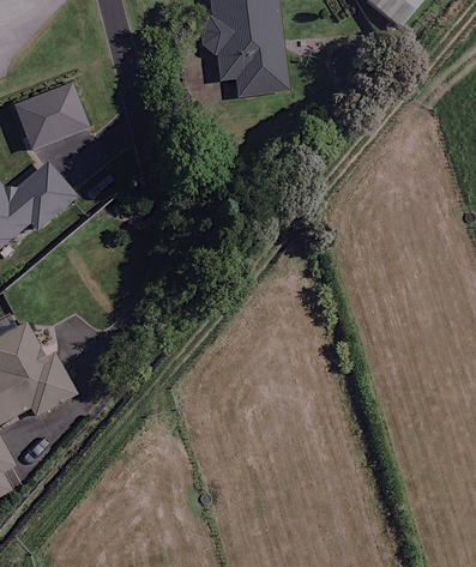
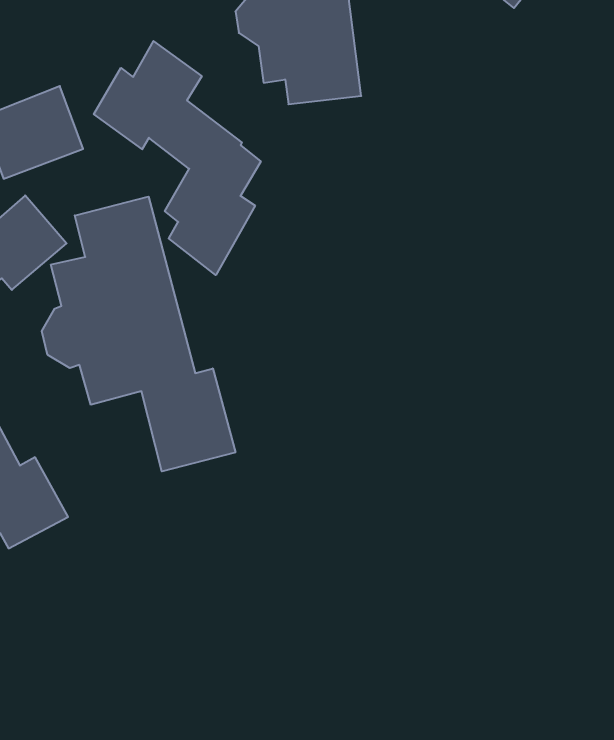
building: none -> [94,41,261,275]
building: none -> [42,197,235,471]

